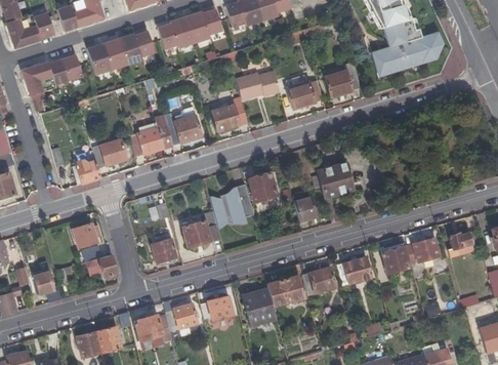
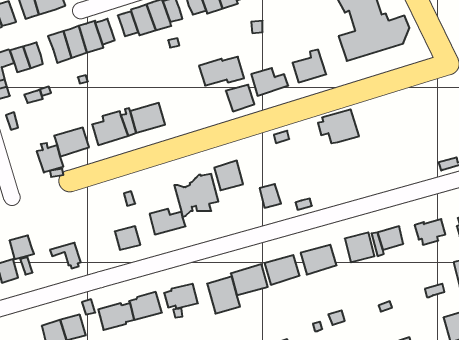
building: [212,105,241,131] -> [226,85,254,111]
building: [314,163,355,197] -> [318,109,359,143]
building: [74,224,98,247] -> [9,235,34,259]

